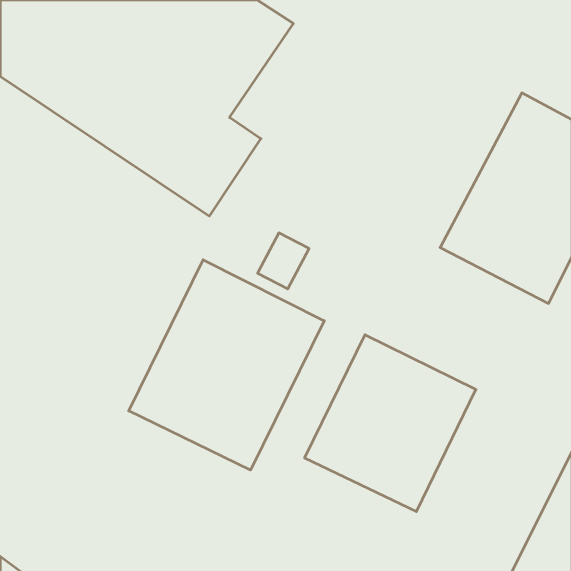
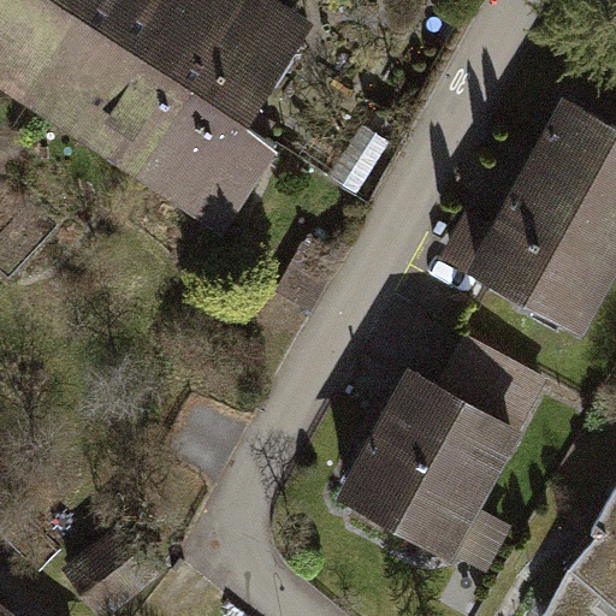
building: [129,260,324,470] -> none

